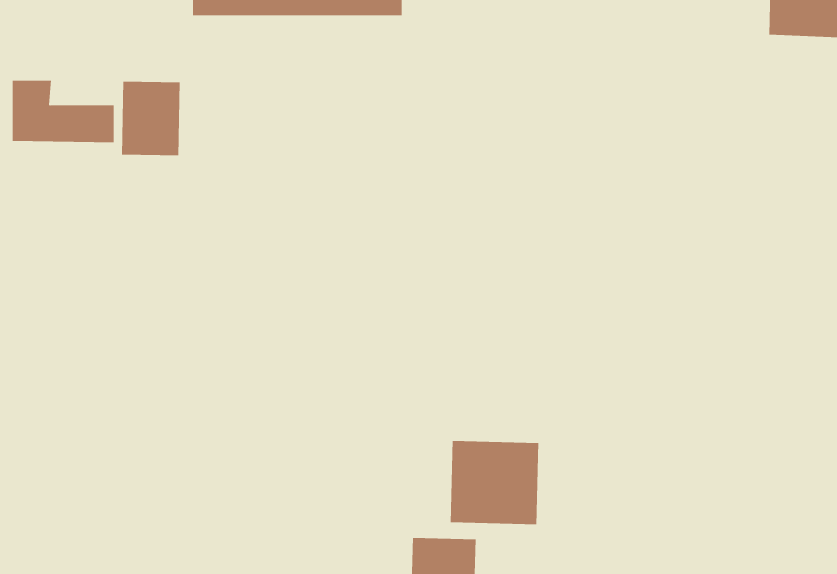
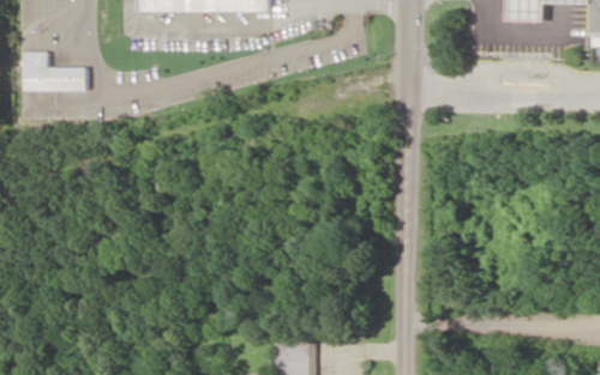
building: [121,81,180,156] -> none
building: [450,440,539,525] -> none

